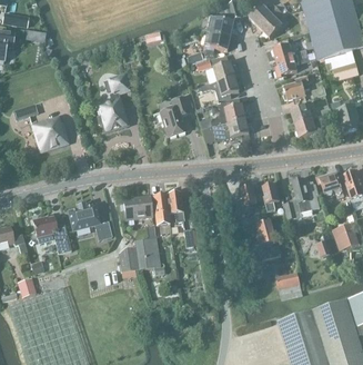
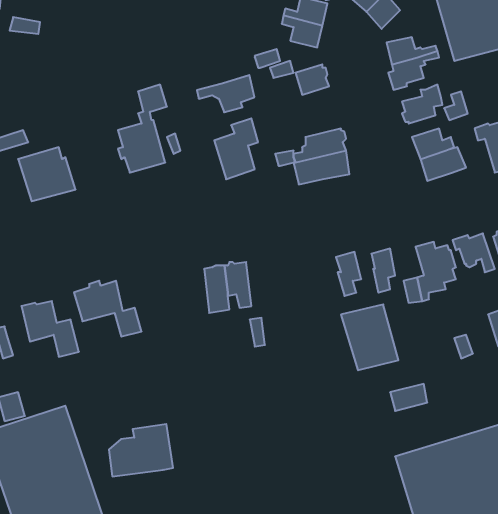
building: [200,76,238,100] -> [197,75,254,112]
building: [122,196,151,219] -> none
building: [118,237,160,272] -> [109,424,173,476]

